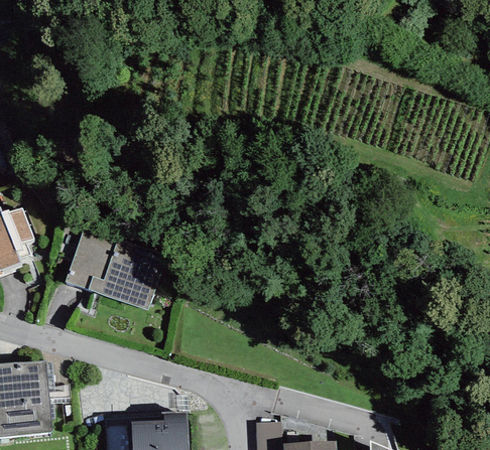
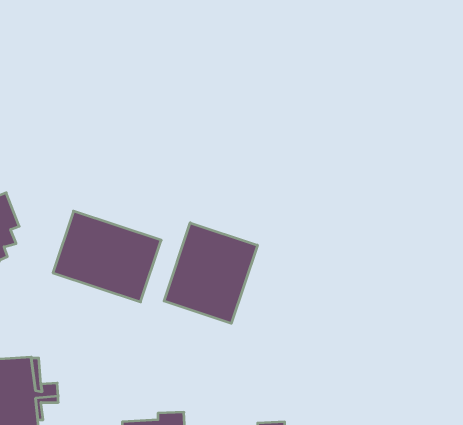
building: none -> [164,223,257,323]

